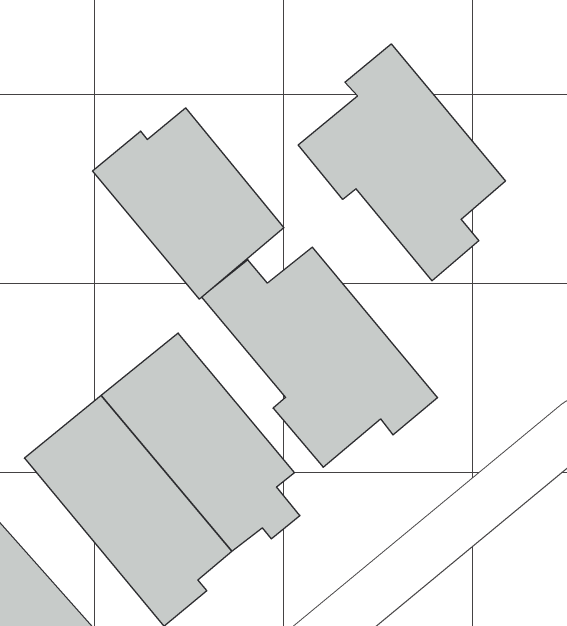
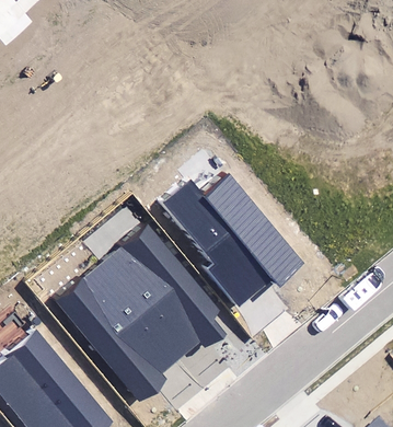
building: [298,44,505,281] -> none
building: [93,108,284,299] -> none

